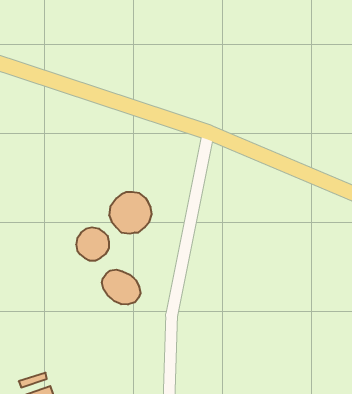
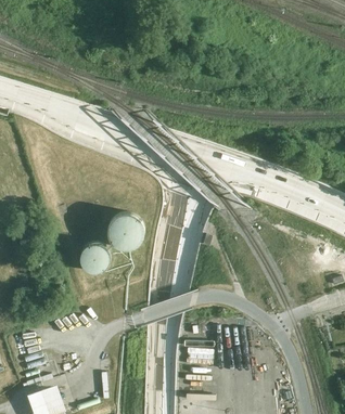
building: [102,270,141,305] -> none

